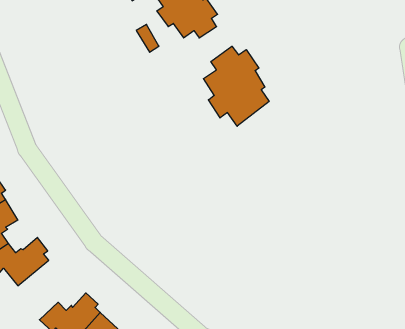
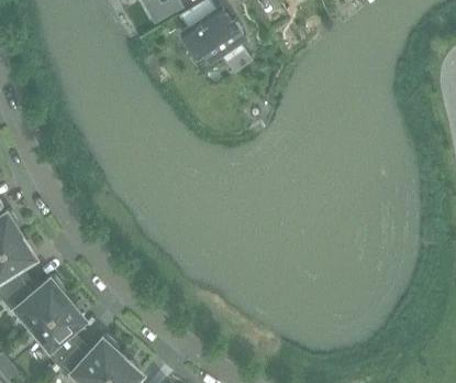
building: [203,46,269,126] -> none
building: none -> [33,299,82,363]

